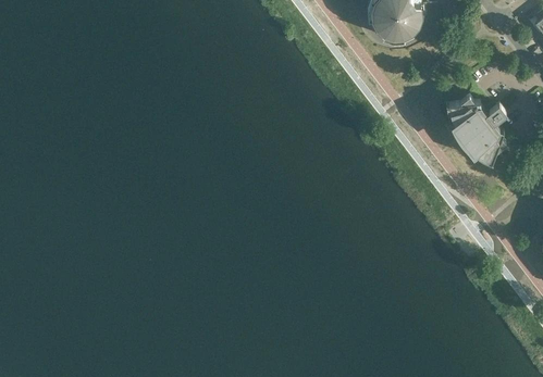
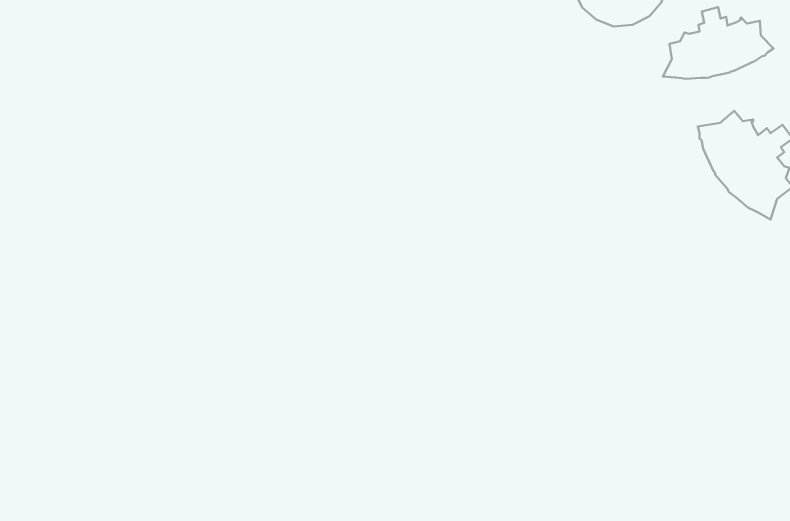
building: none -> [663,7,774,79]

